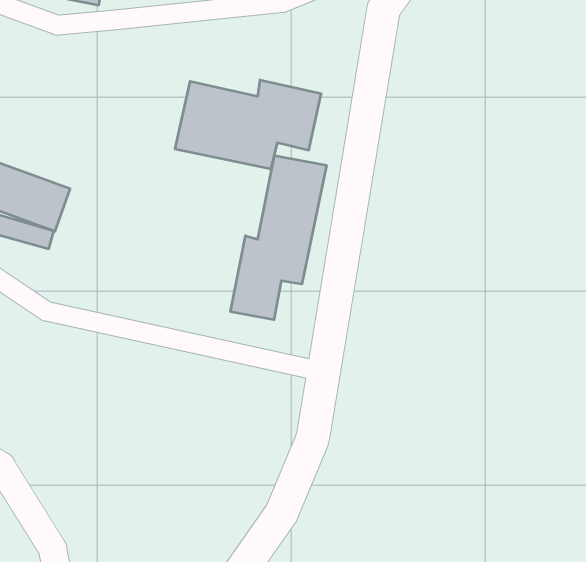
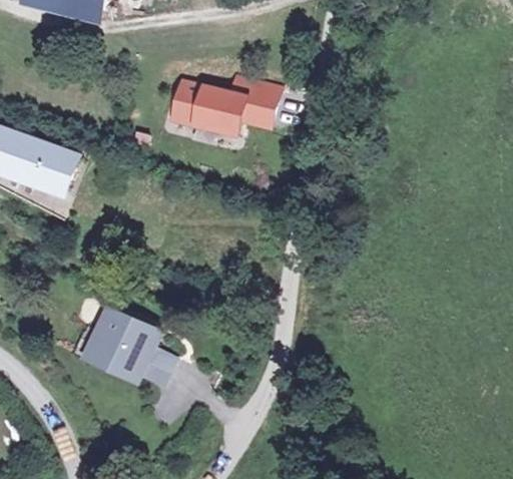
building: [231,156,326,320] -> none
building: none -> [83,303,173,380]

